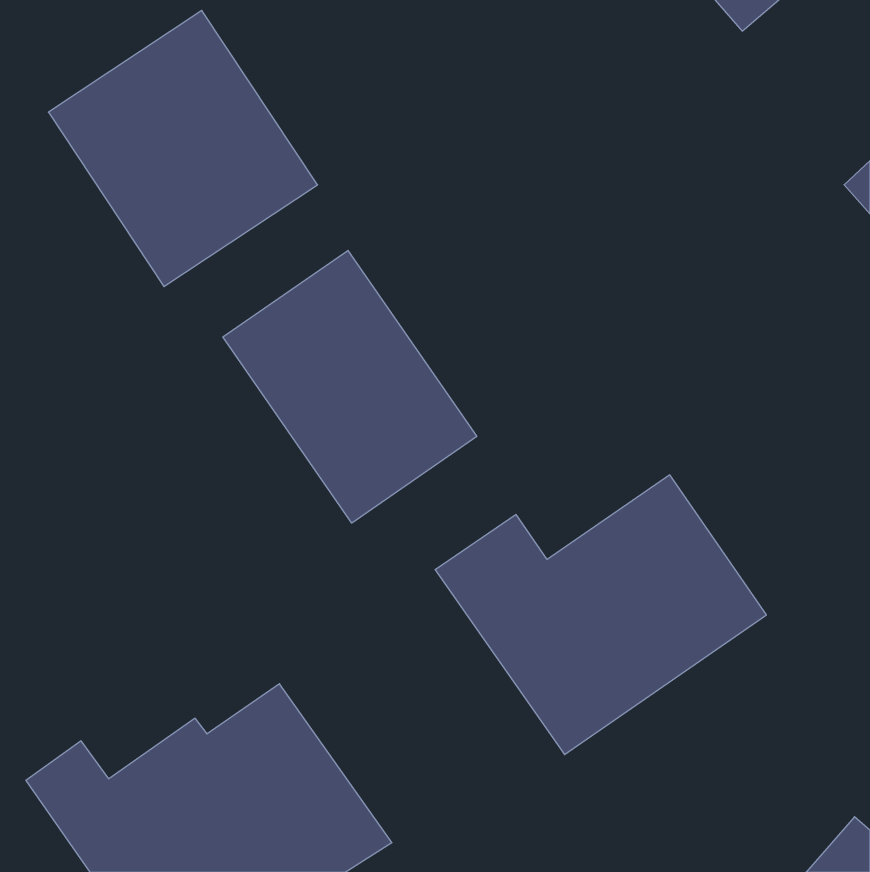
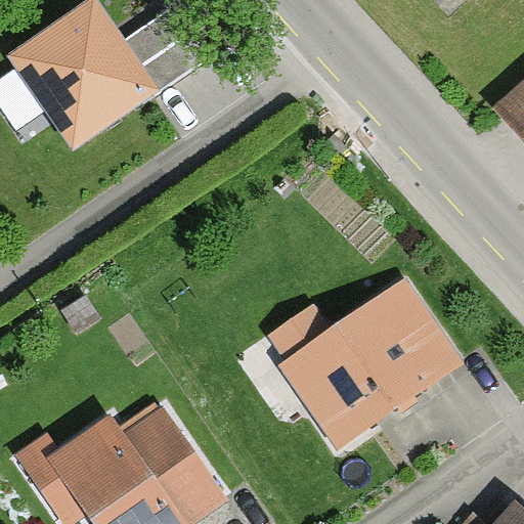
building: [223,250,477,523] -> none

